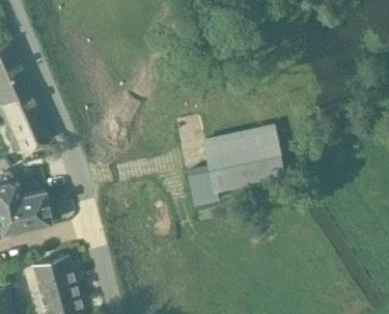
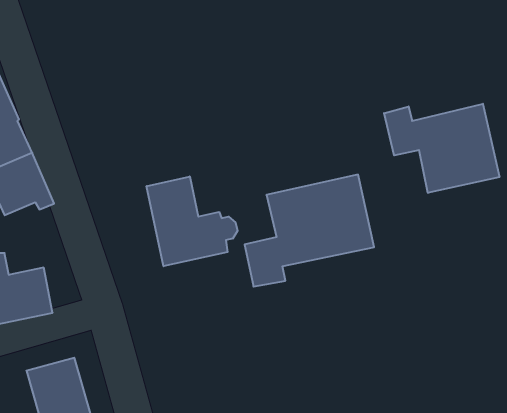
building: none -> [384,104,499,193]
building: none -> [147,176,237,266]

